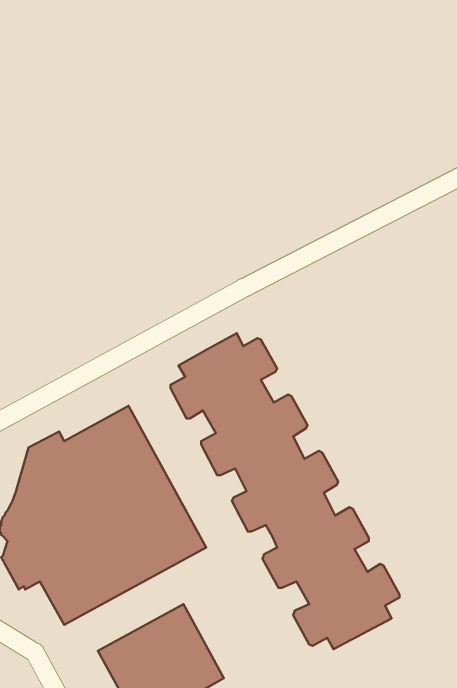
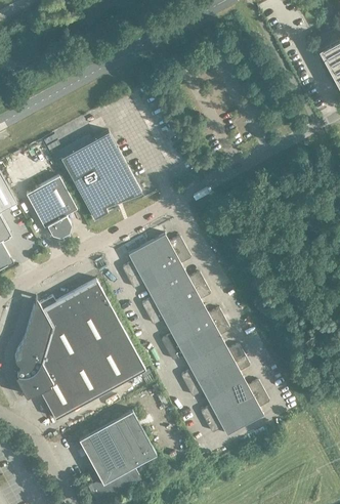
building: none -> [60,131,141,218]
building: none -> [26,176,77,238]

